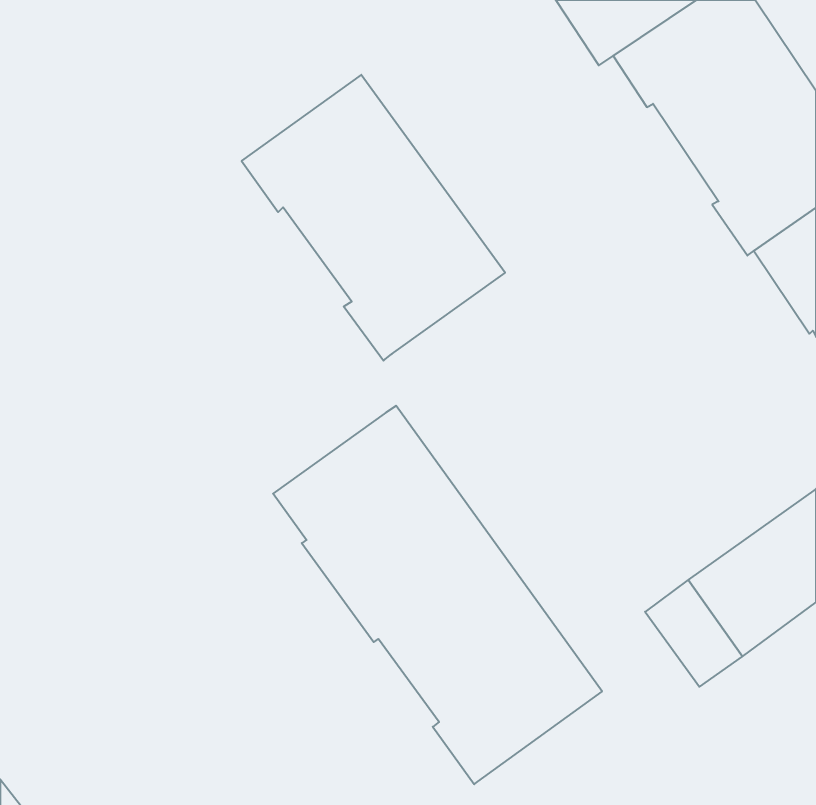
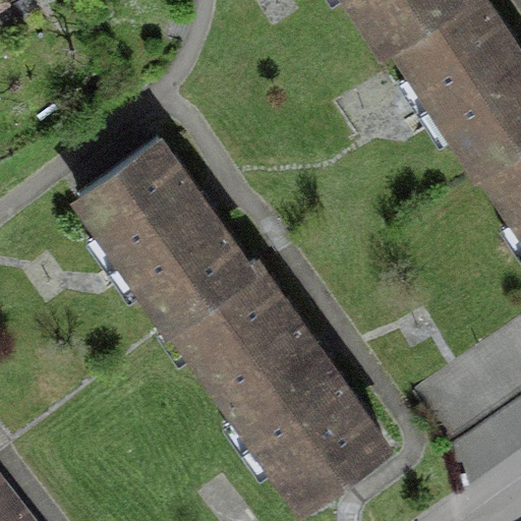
building: [242,75,505,361] -> [78,143,246,326]

